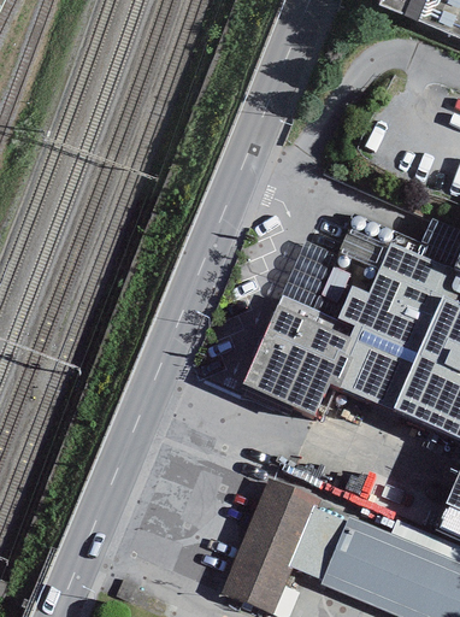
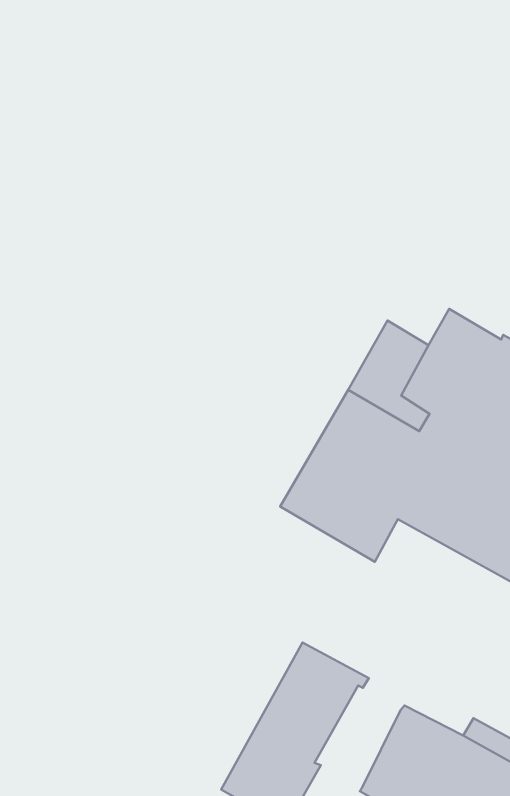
building: [288,507,346,581] -> none

